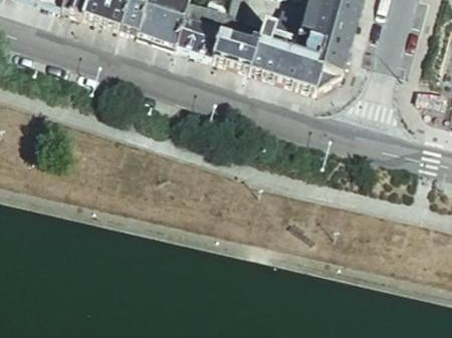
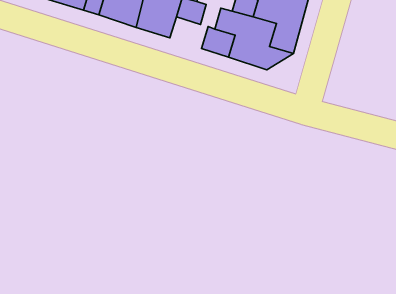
building: [212,33,252,66] -> none

